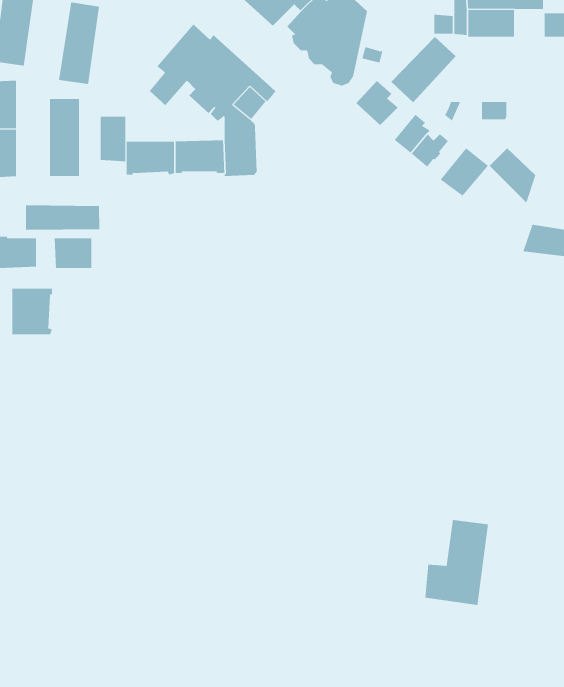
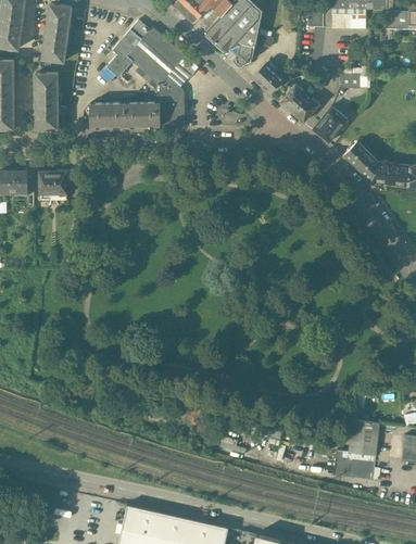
building: [391,36,457,103] -> none
building: [100,116,126,162] -> none
building: [489,147,536,203] -> [344,142,378,181]
building: [26,205,100,230] -> none
building: [12,288,52,335] -> none
building: [424,520,489,605] -> [333,420,379,481]

